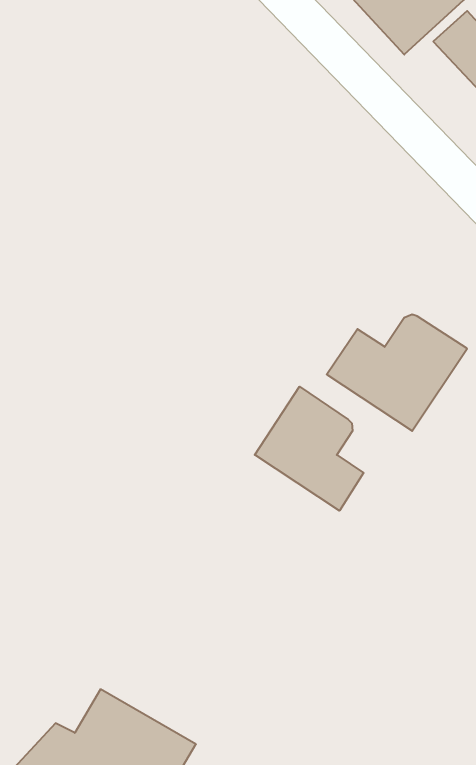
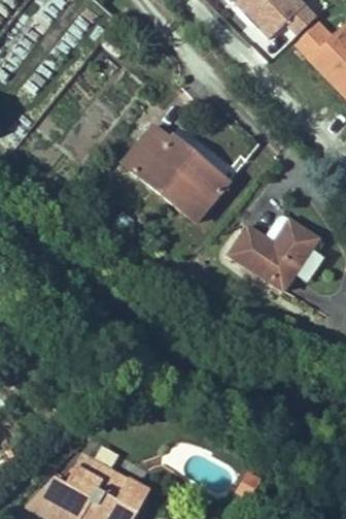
building: none -> [125,126,230,223]
building: [255,387,364,511] -> none

